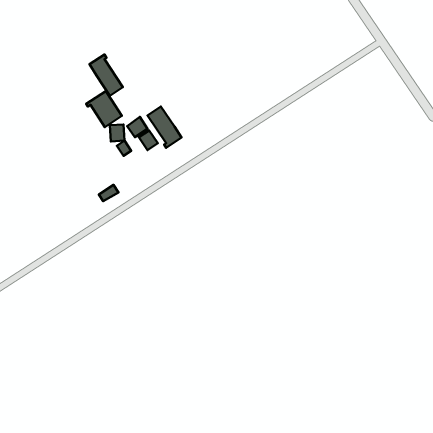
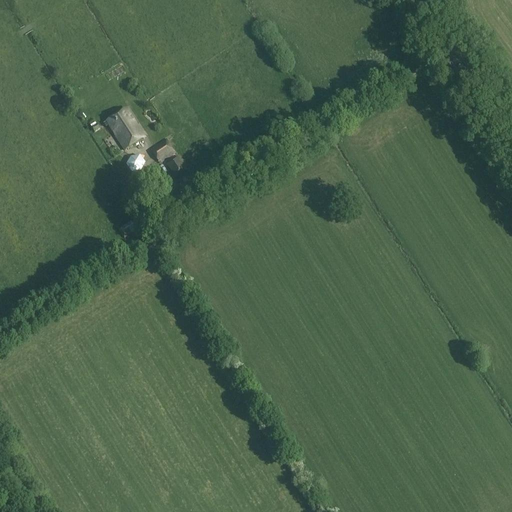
building: [89,55,123,96] -> none
building: [148,106,182,148] -> none

